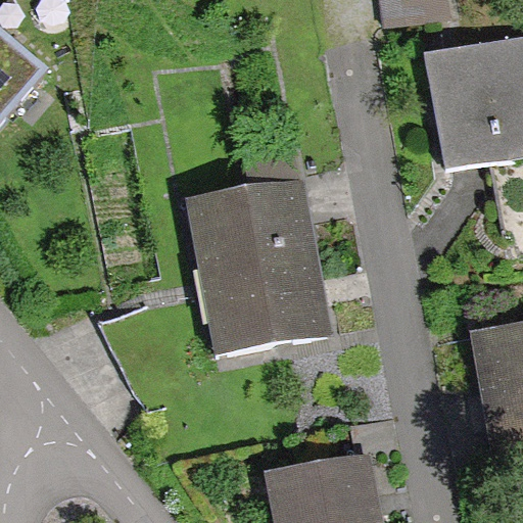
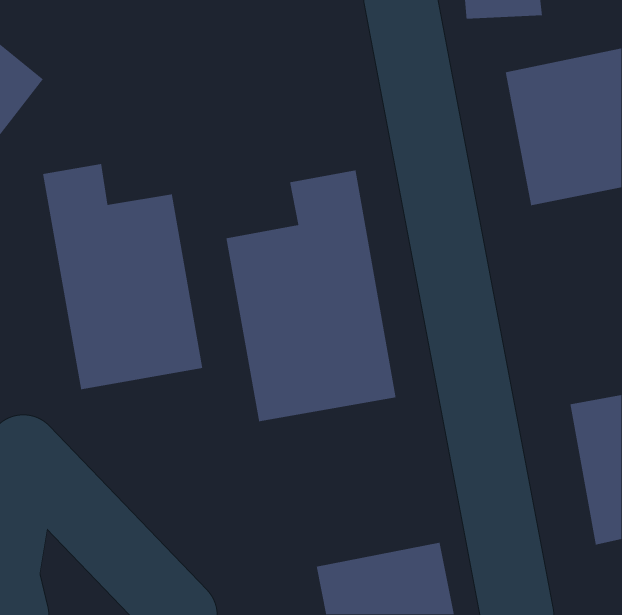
building: none -> [42,163,203,390]

